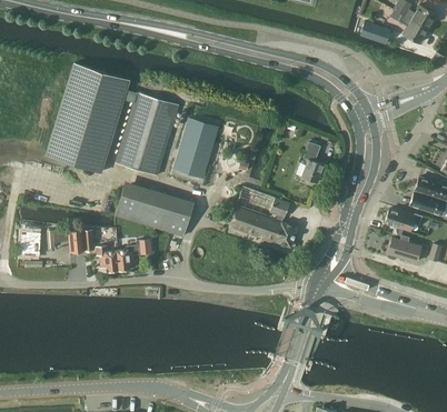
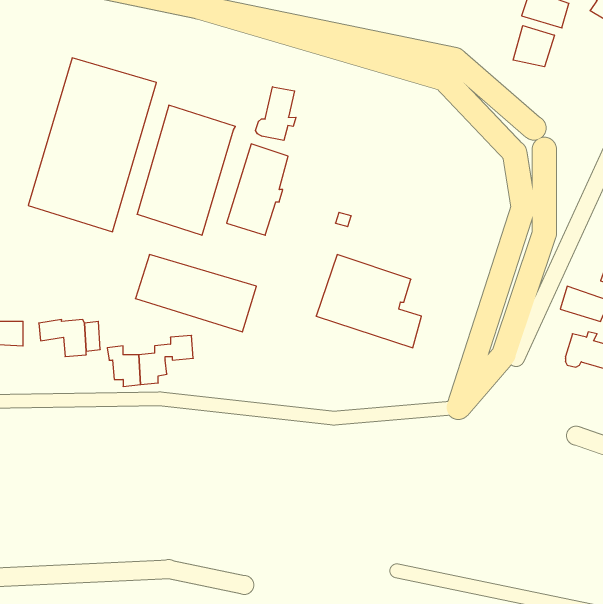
building: none -> [513,26,554,67]
building: none -> [256,87,296,140]
building: [301,142,324,183] -> none

